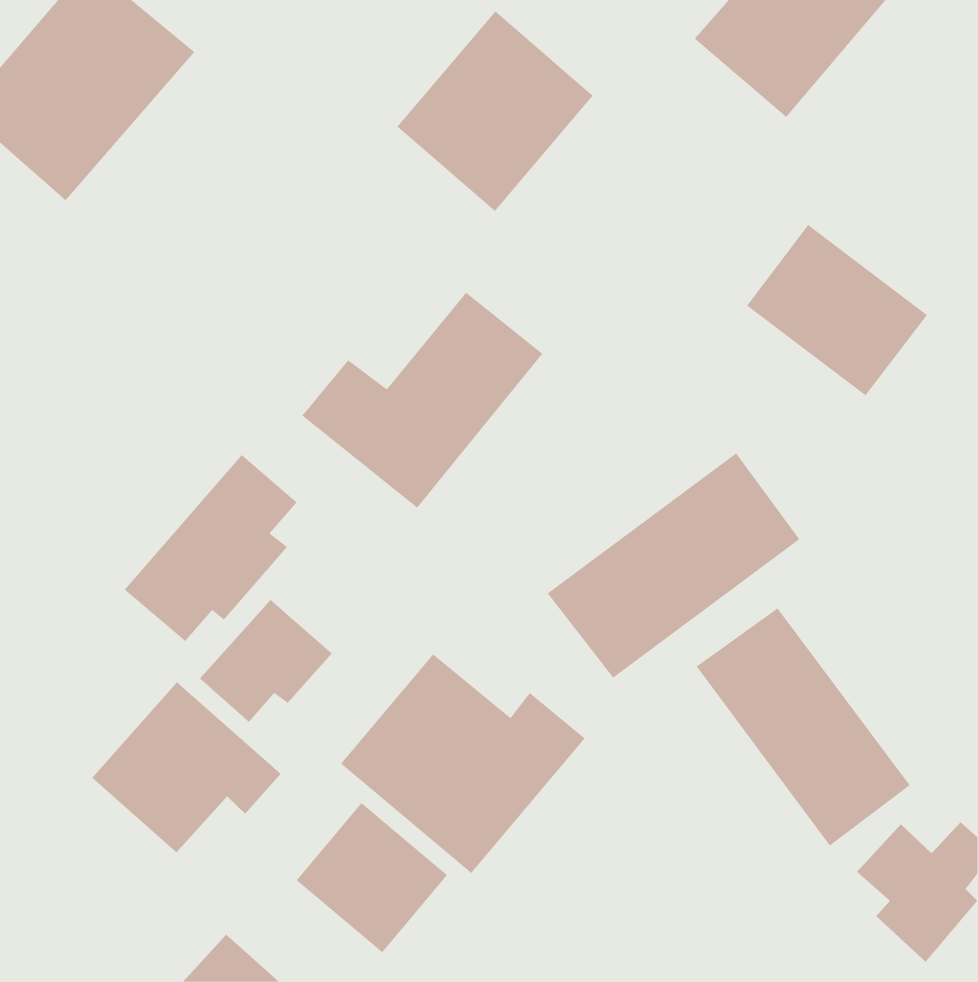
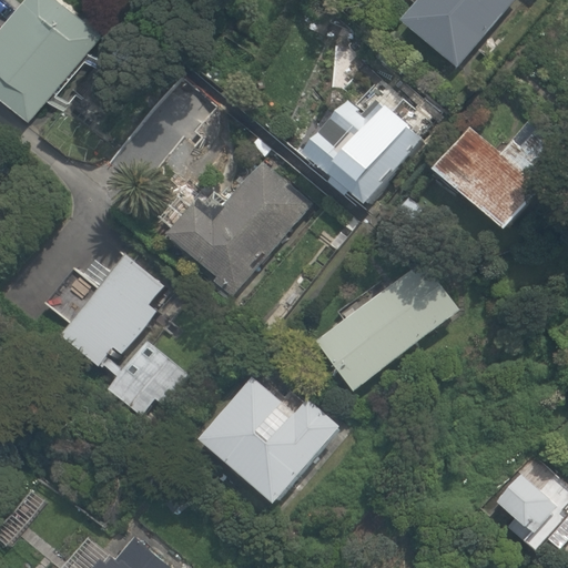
building: [396,11,594,212] -> [307,84,420,200]
building: [696,607,910,846] -> none
building: [91,681,282,853] -> none
building: [296,802,448,953] -> none

